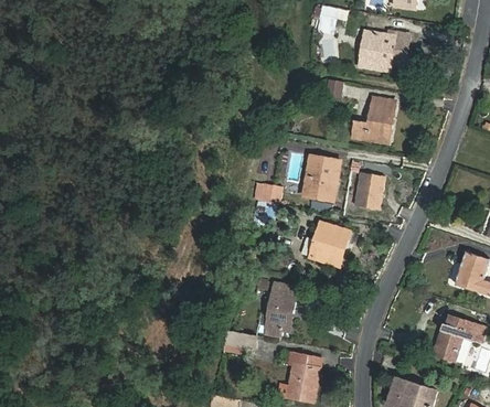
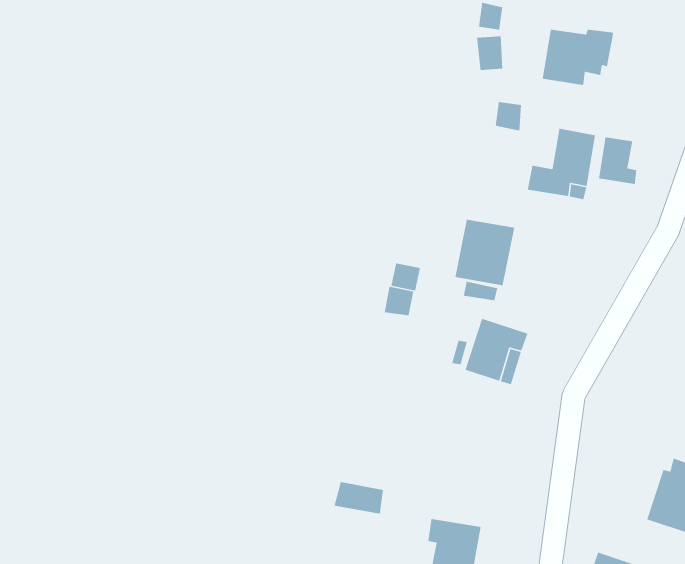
building: none -> [598,137,637,185]
building: [355,173,384,211] -> none
building: [263,282,298,336] -> none

